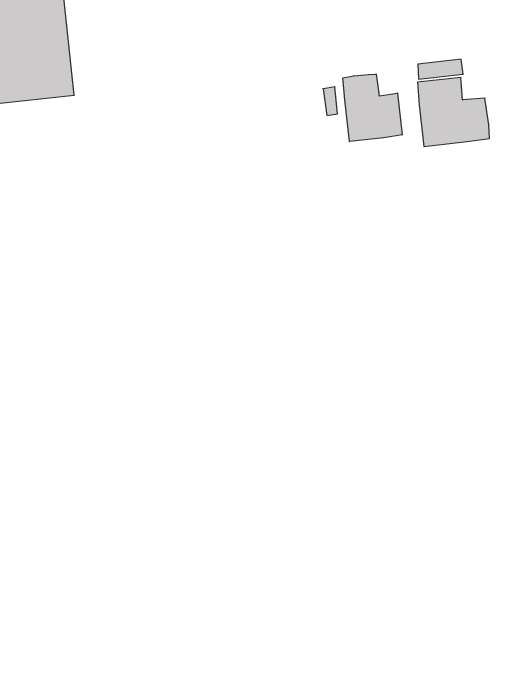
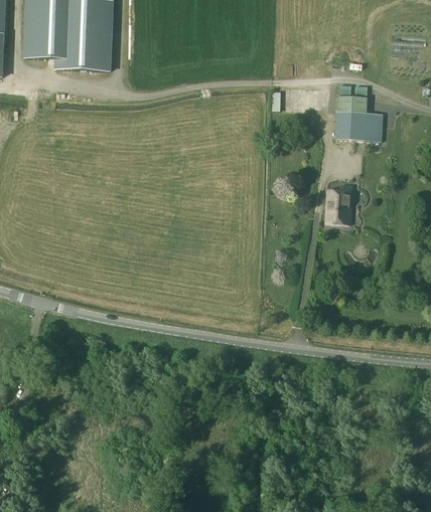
building: [343,74,402,142] -> none
building: none -> [325,182,352,224]

